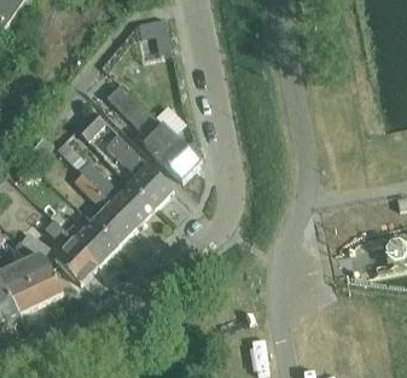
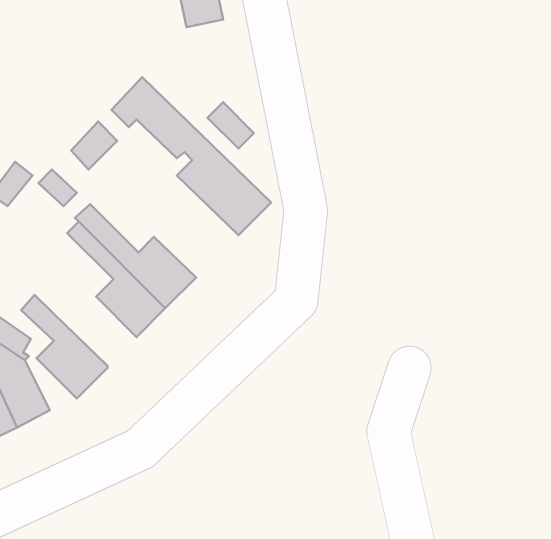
building: [105,133,173,208] -> none
building: [65,220,117,263] -> none

